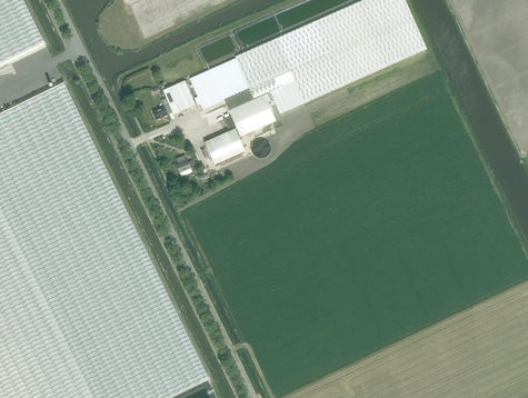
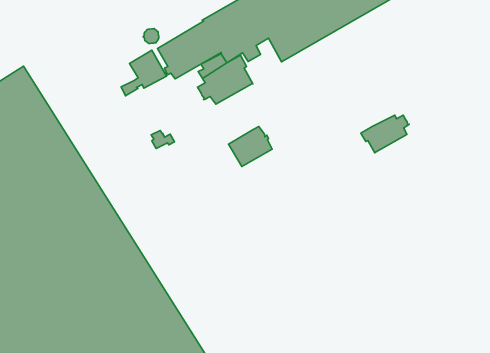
building: [203,129,243,165] -> [229,127,272,166]
building: none -> [361,115,409,153]

